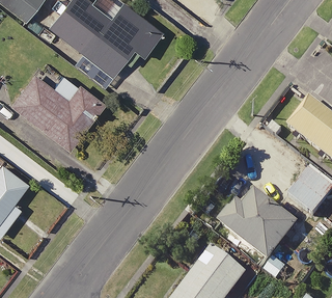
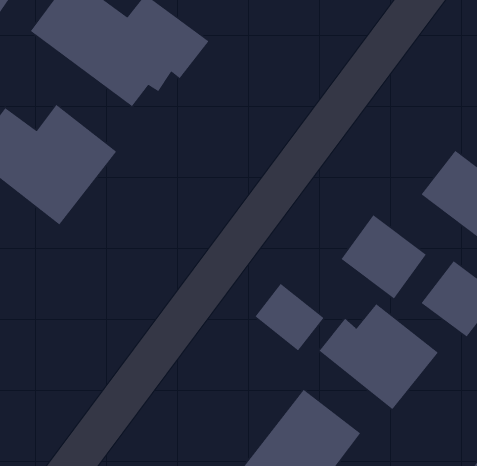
building: none -> [340,214,427,299]
building: none -> [254,283,324,351]

